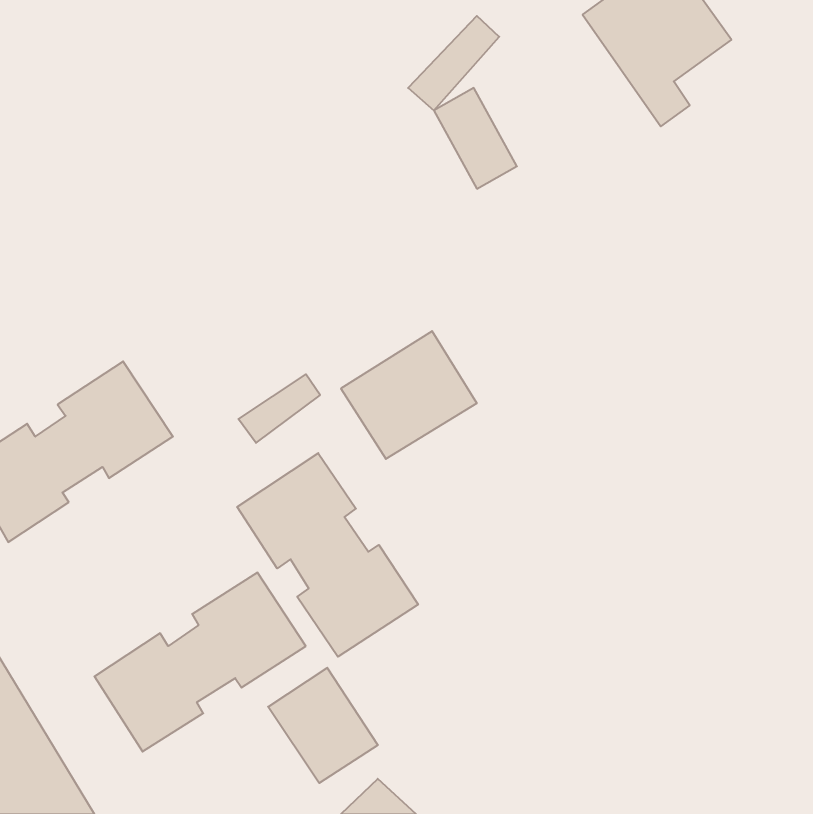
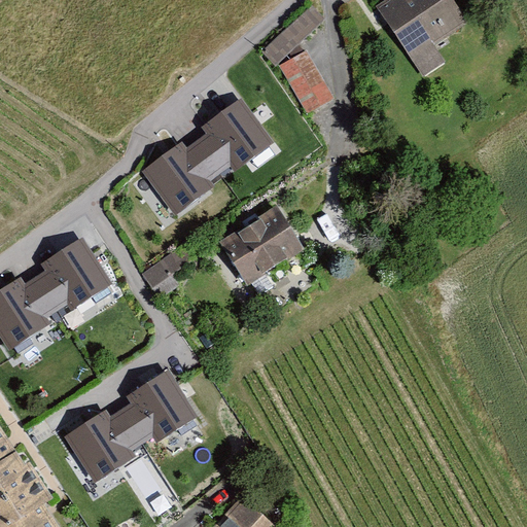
building: none -> [141,99,277,215]
building: [237,453,418,657] -> none
building: [268,668,378,783] -> none

